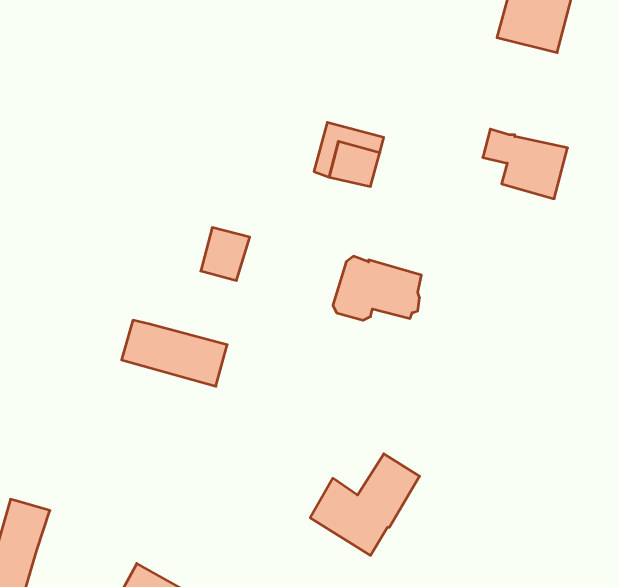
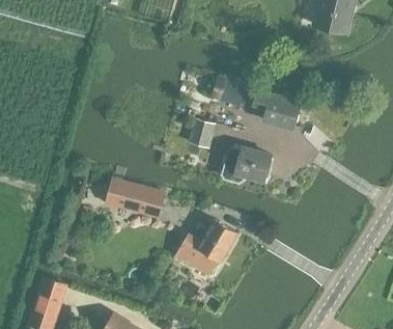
building: [483,129,568,199] -> [252,90,299,129]
building: [201,228,250,280] -> [188,118,215,147]
building: [310,454,420,555] -> [174,219,234,275]

